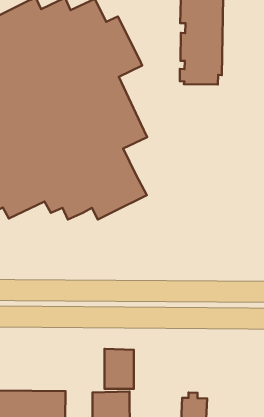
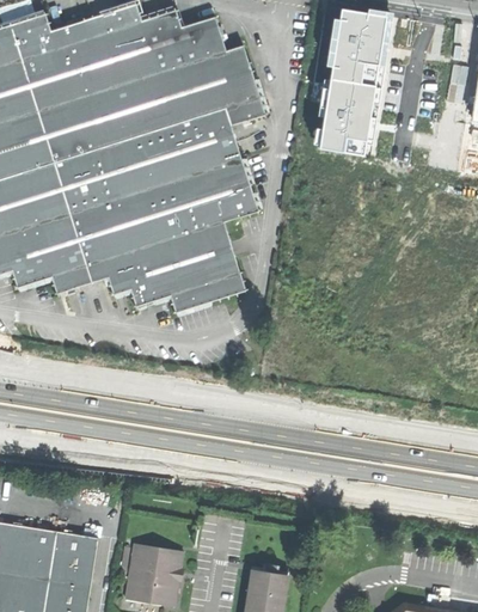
building: [104,349,134,389] -> none

